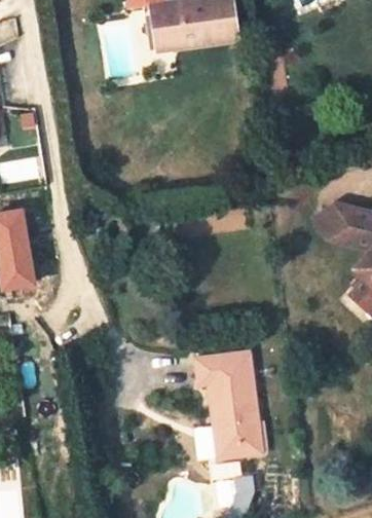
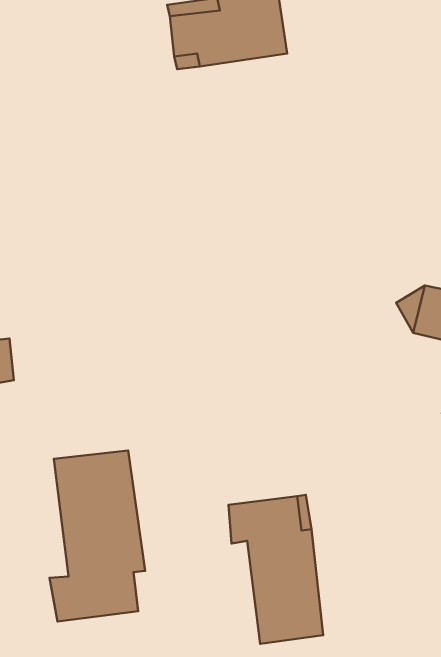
building: none -> [50,450,145,621]

